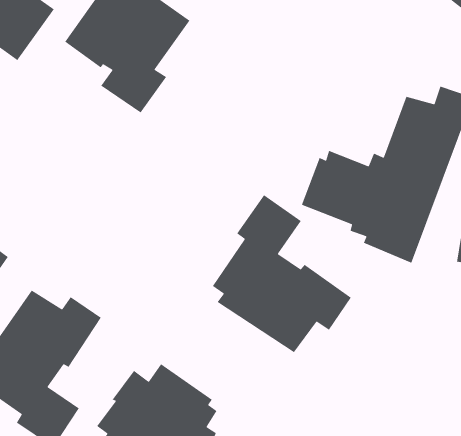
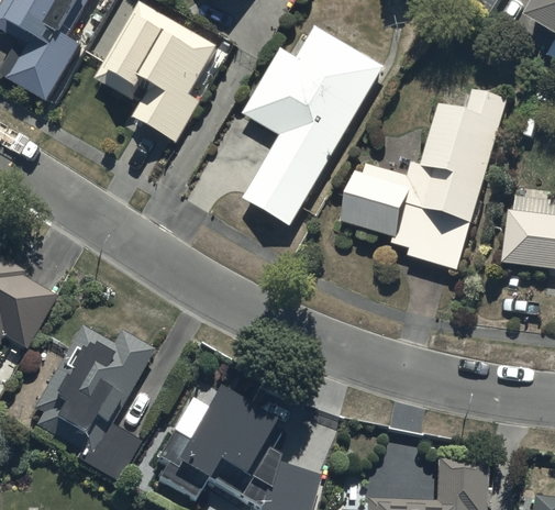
building: none -> [243,24,386,223]
building: [212,194,352,353] -> none

